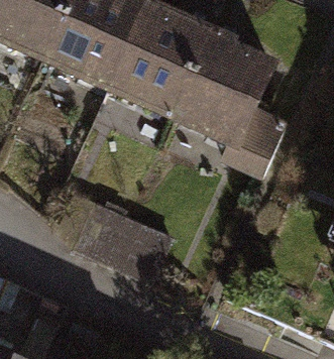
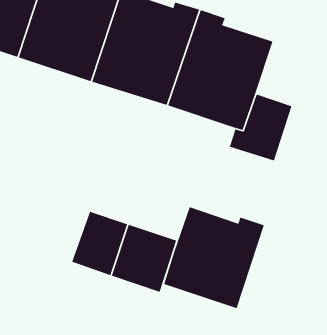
building: none -> [163,206,265,309]

